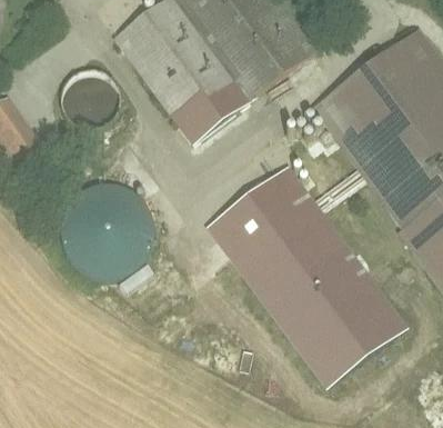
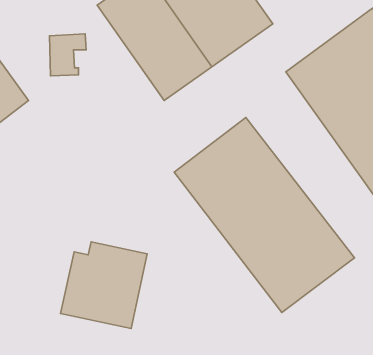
building: [58,181,154,278] -> [60,242,147,329]

